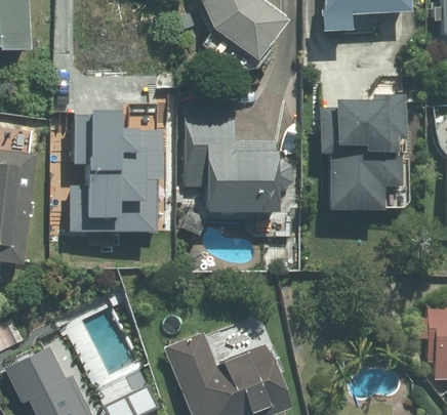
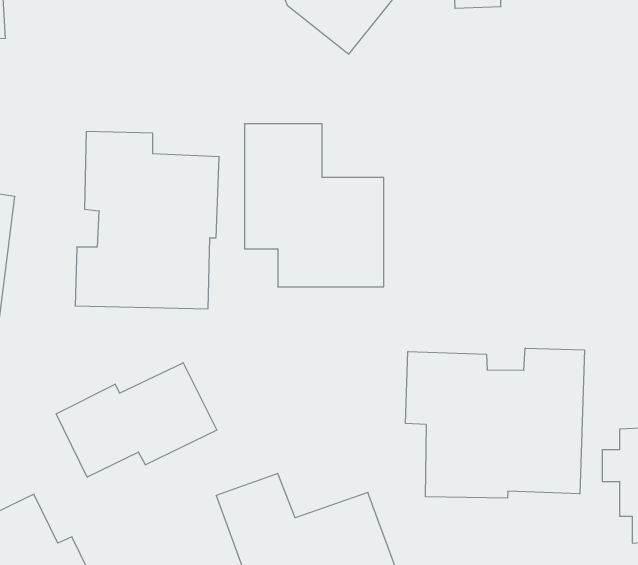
building: [315,88,411,211] -> none
building: none -> [406,348,584,498]
building: none -> [56,363,217,477]

